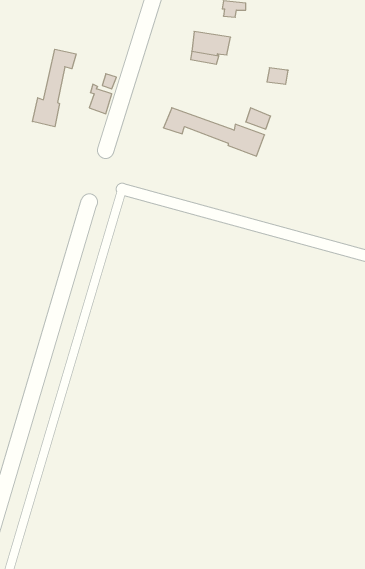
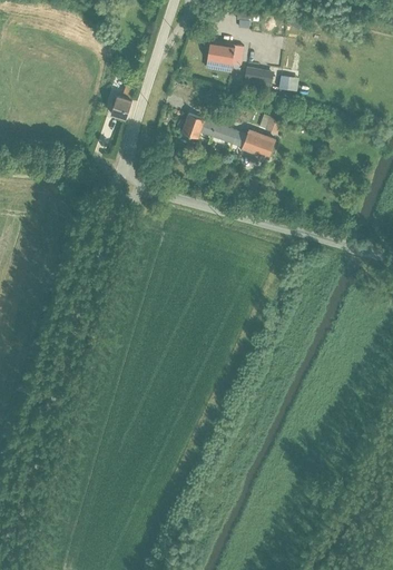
building: [32,49,76,127] -> none
building: none -> [244,67,274,88]

